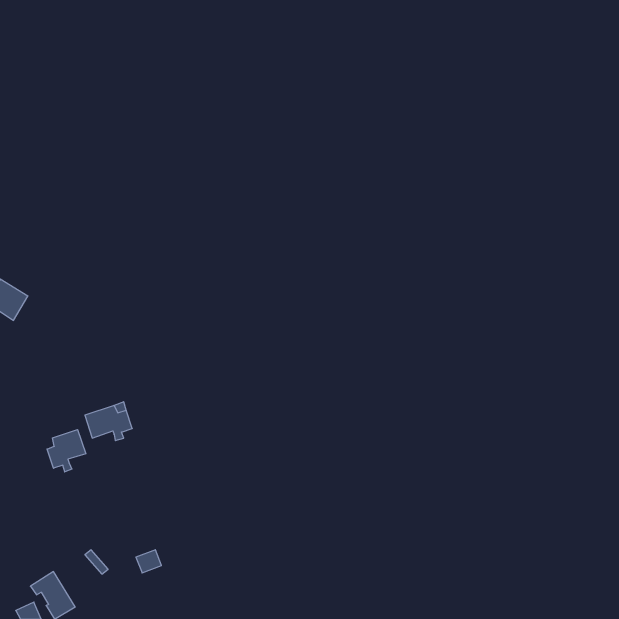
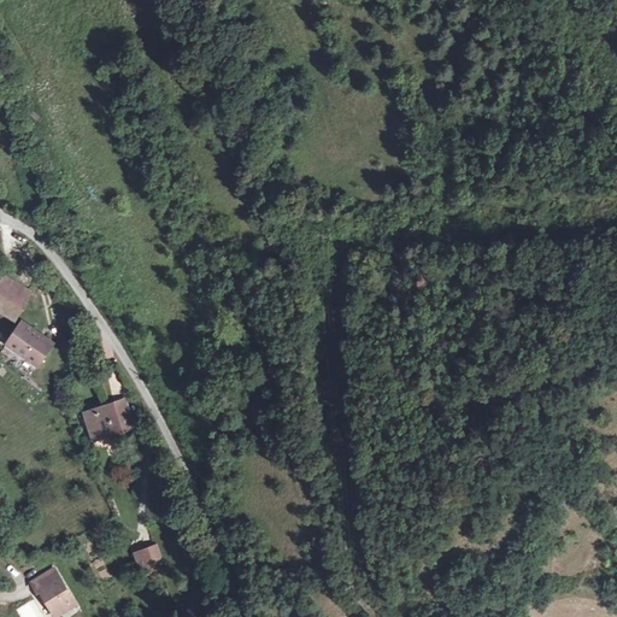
building: none -> [6,321,52,364]
building: [47,430,86,472] -> none

